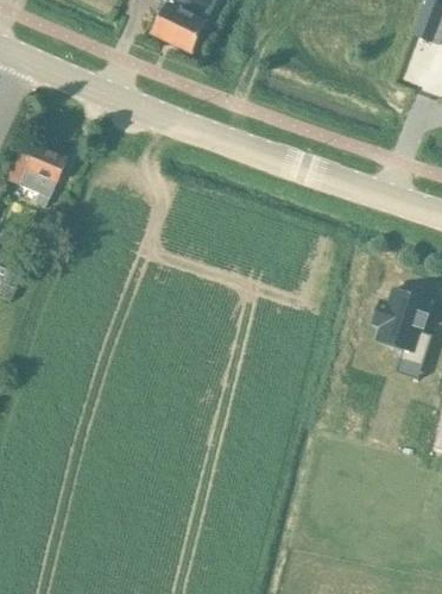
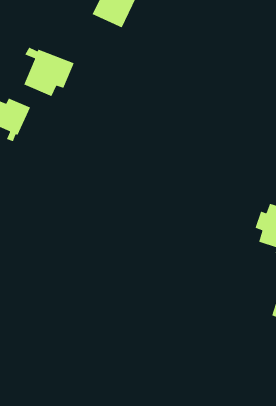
building: none -> [23,47,75,97]

